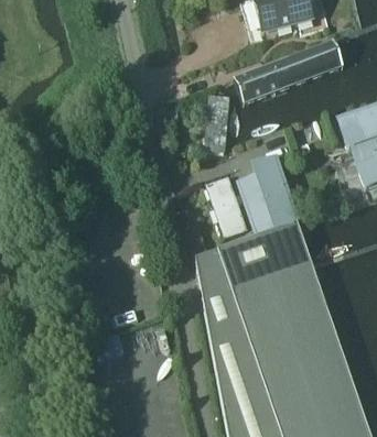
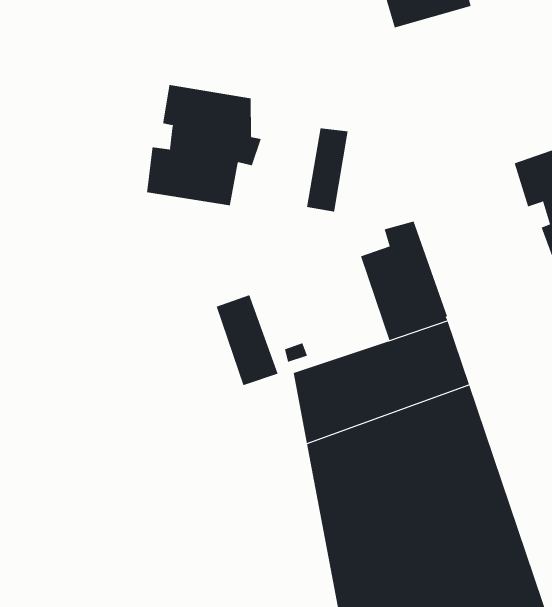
building: [234,39,343,101] -> none
building: none -> [147,84,261,206]
building: [206,176,247,236] -> [216,295,278,386]

